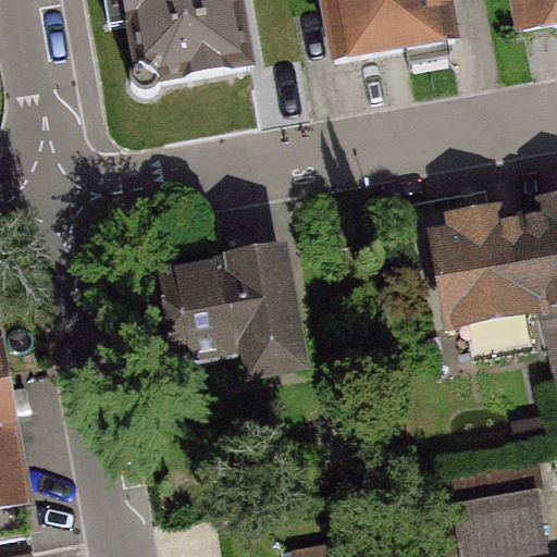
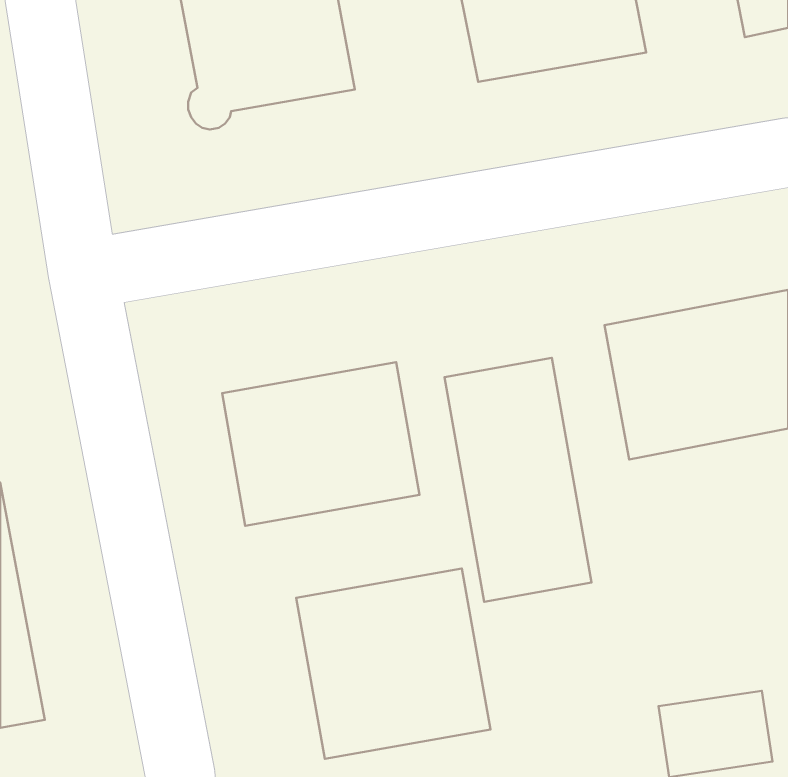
building: none -> [445,358,592,602]
building: none -> [296,569,491,759]

